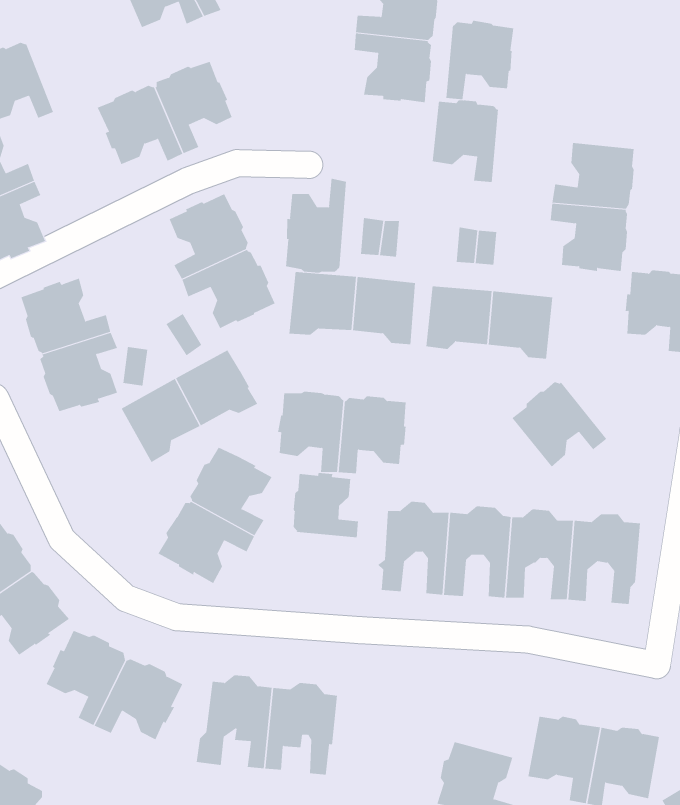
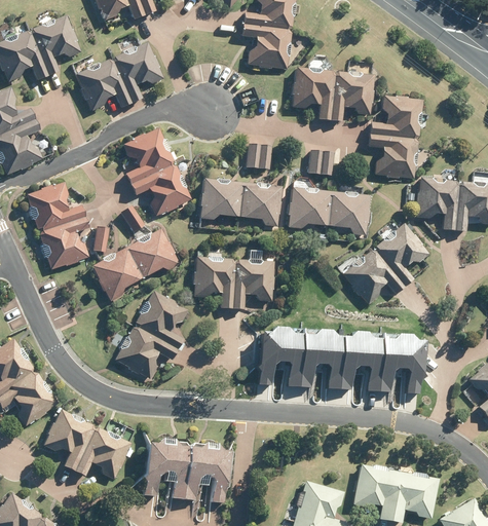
building: none -> [31,15,81,76]
building: [446,20,514,100] -> [331,71,375,122]
building: [286,178,347,273] -> none
building: none -> [375,224,429,287]
building: [293,472,359,538] -> none

